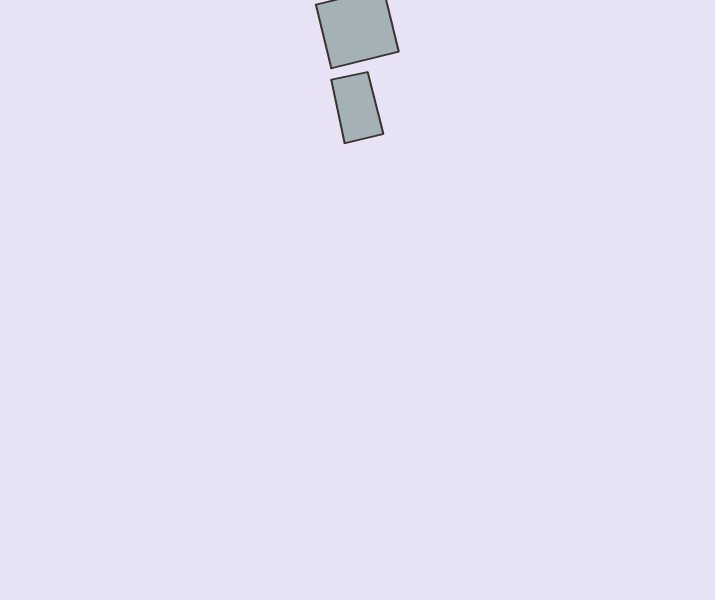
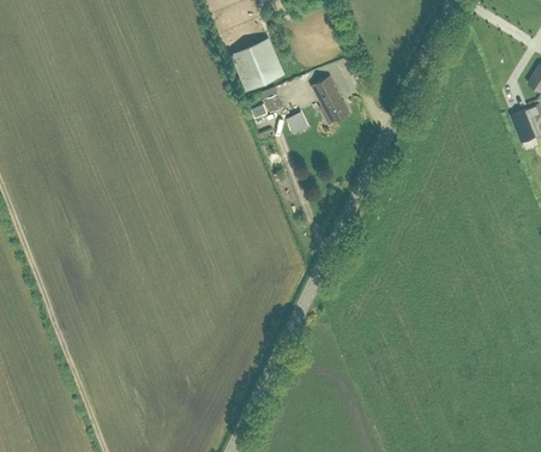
building: none -> [312,77,348,122]

